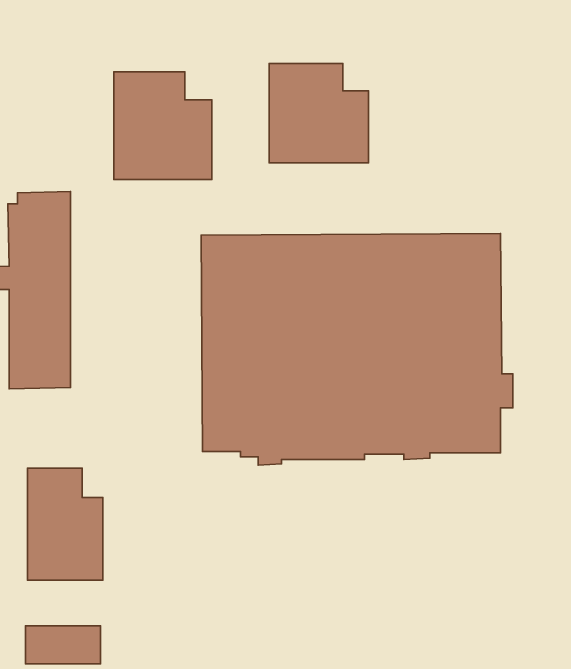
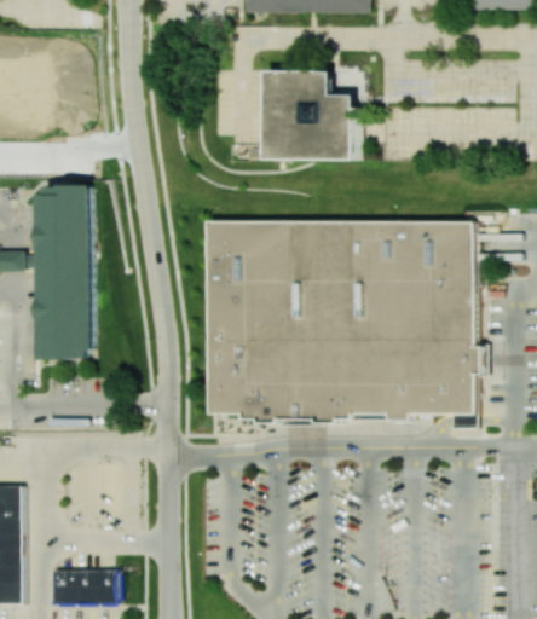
building: [114,72,212,180] -> none
building: [27,468,103,580] -> none

